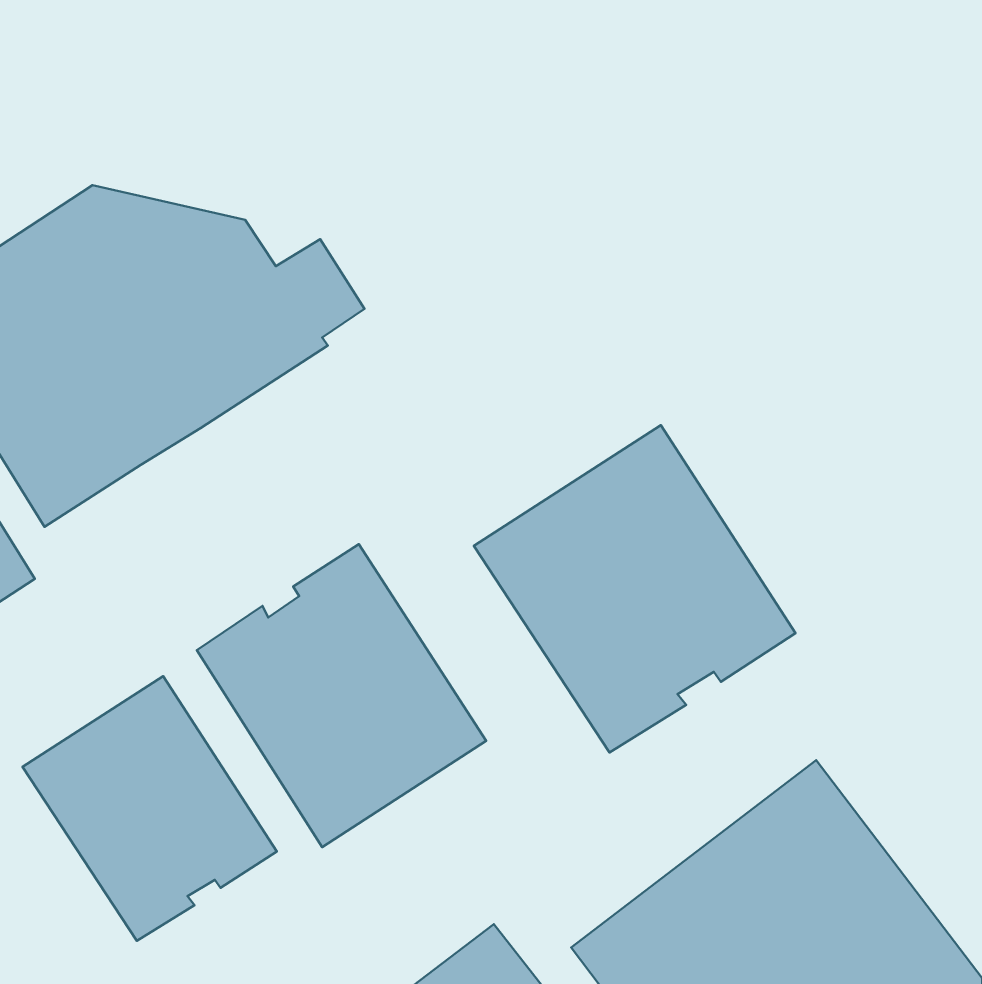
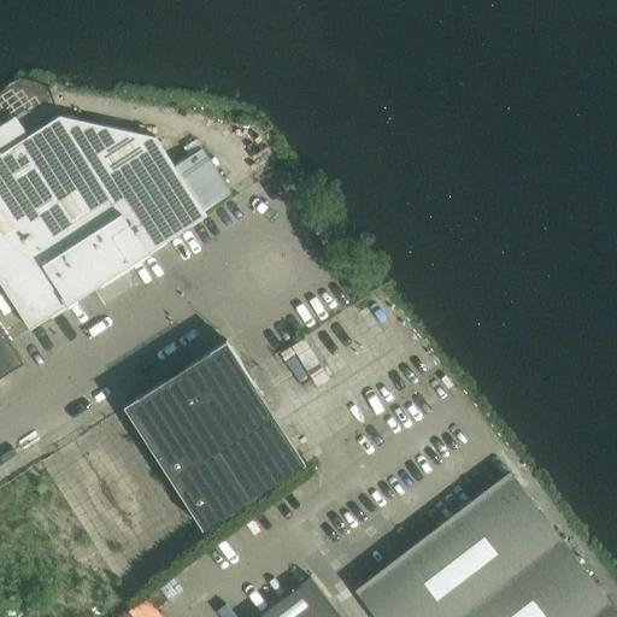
building: [474,425,796,752] -> none
building: [23,676,277,941] -> none

